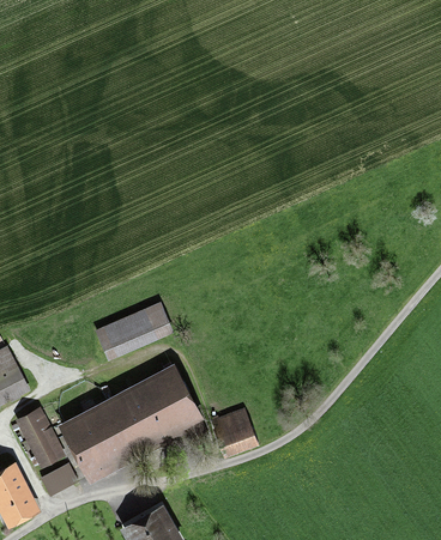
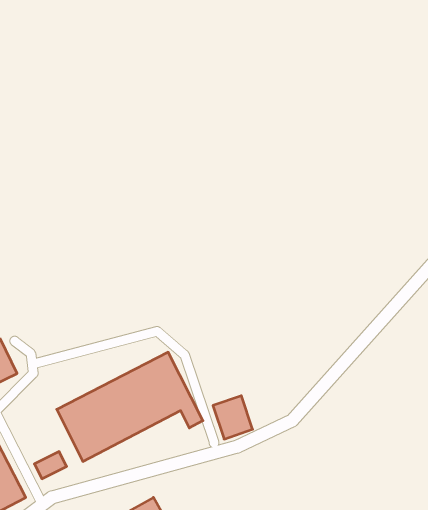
building: [101,307,162,350] -> none
building: [20,408,60,459] -> none

